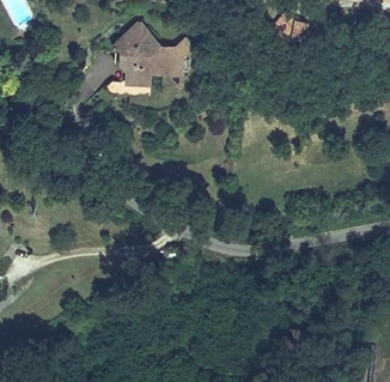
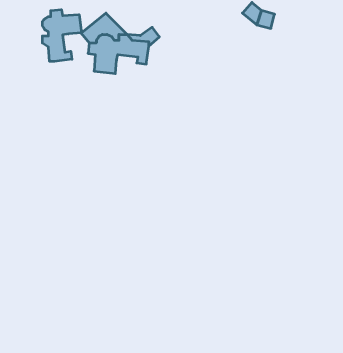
building: none -> [42,10,81,61]

